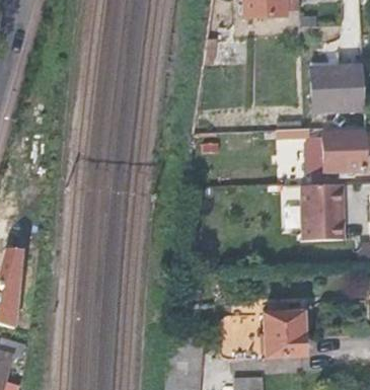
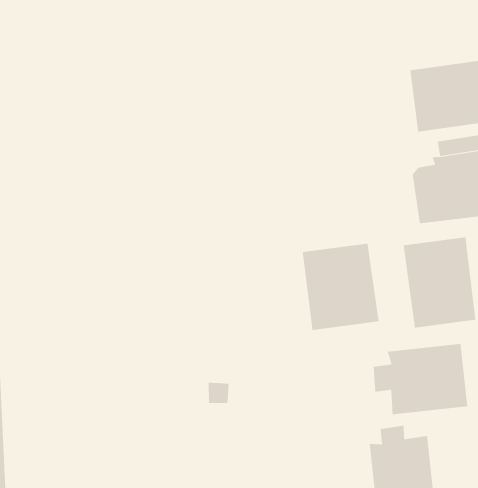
building: none -> [302,243,379,331]
building: none -> [373,343,468,415]

